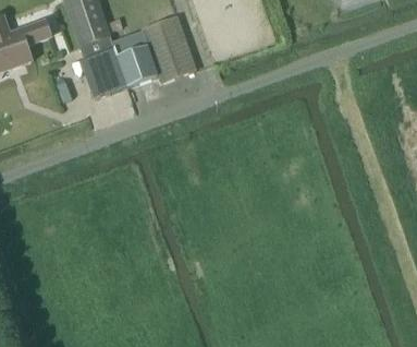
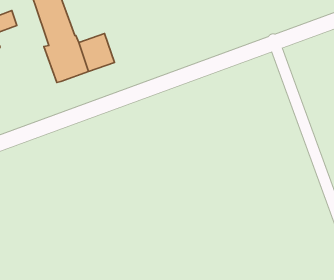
building: [142,14,194,81] -> none

